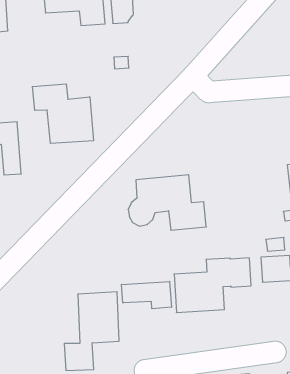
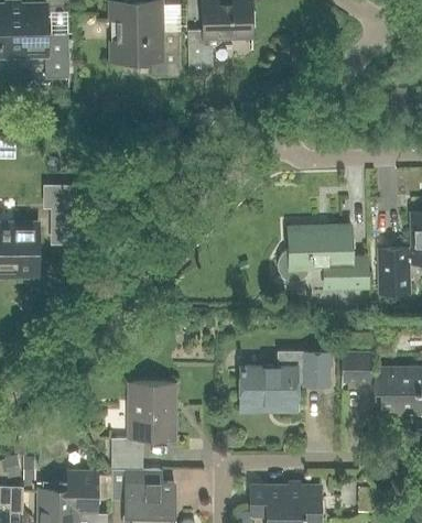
building: [32,84,93,143] -> none
building: [128,175,206,230] -> [279,227,367,288]
building: [121,281,172,309] -> none

